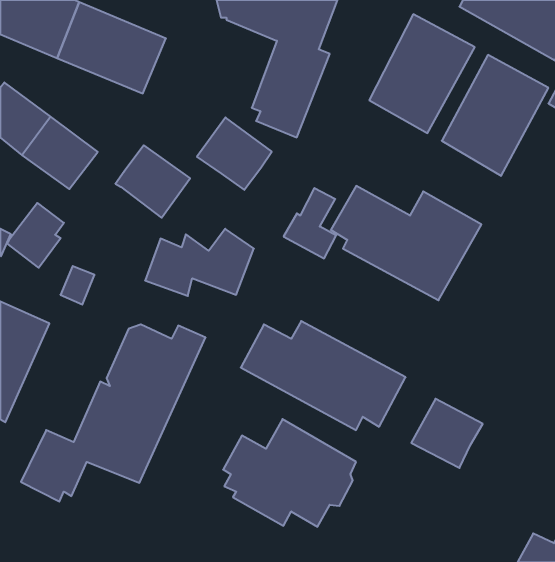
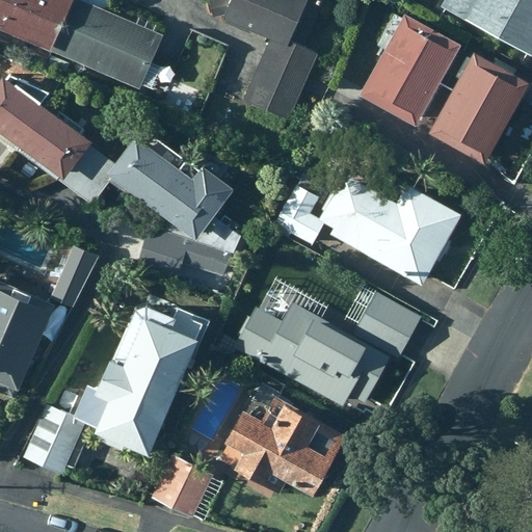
building: [197,117,272,190] -> [159,168,230,237]
building: [7,203,64,268] -> [70,143,124,205]
building: [411,399,483,468] -> [354,291,422,356]
building: none -> [153,451,214,516]

